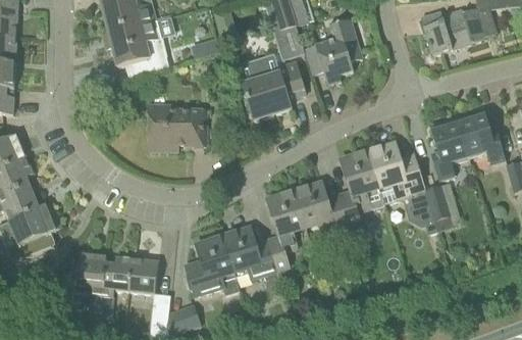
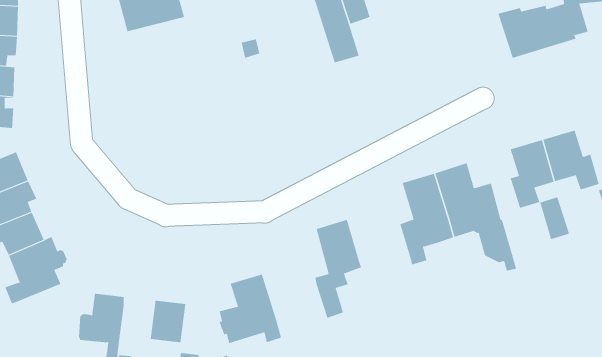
building: [315,17,360,84] -> none
building: [103,18,168,77] -> none
building: [237,53,305,119] -> none
building: [148,102,205,149] -> none
building: [294,181,348,236] -> none
building: [424,184,450,221] -> [540,196,570,240]
building: [222,226,282,296] -> none
building: [102,255,132,295] -> none

